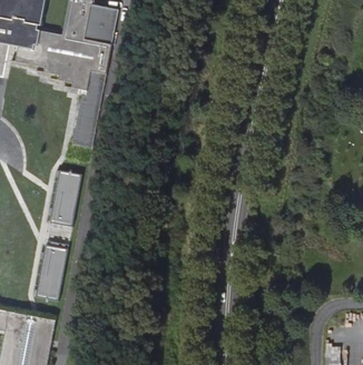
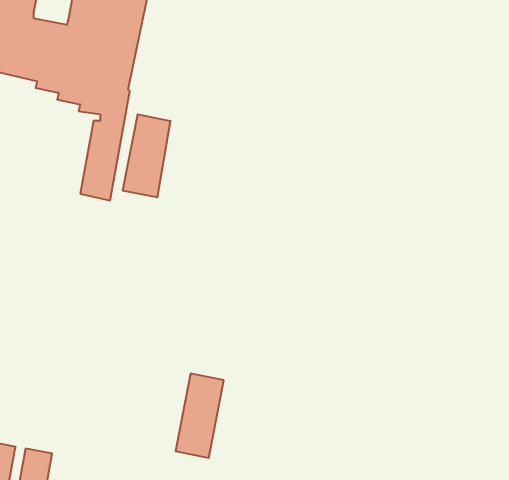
building: [48,169,80,225] -> [123,114,171,197]
building: [35,243,67,299] -> [176,374,224,458]

